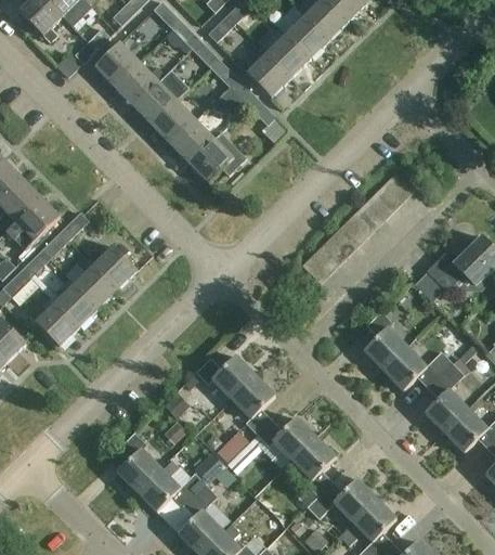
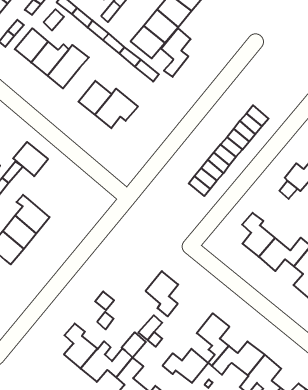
building: none -> [161,28,191,77]
building: [151,99,194,143] -> none
building: [91,244,136,289] -> [13,142,48,176]
building: [195,354,255,399] -> none
building: [256,416,315,461] -> [163,349,208,383]

